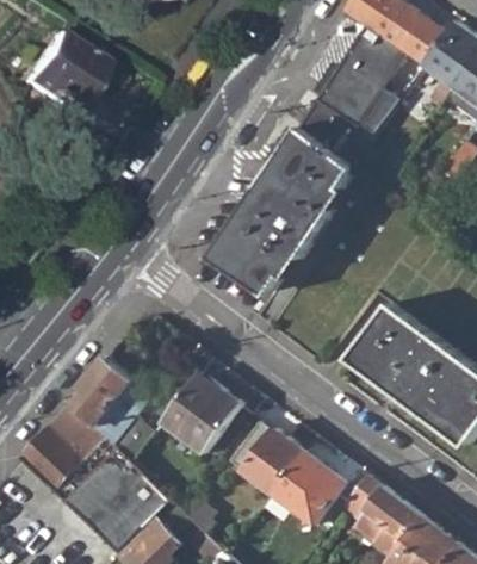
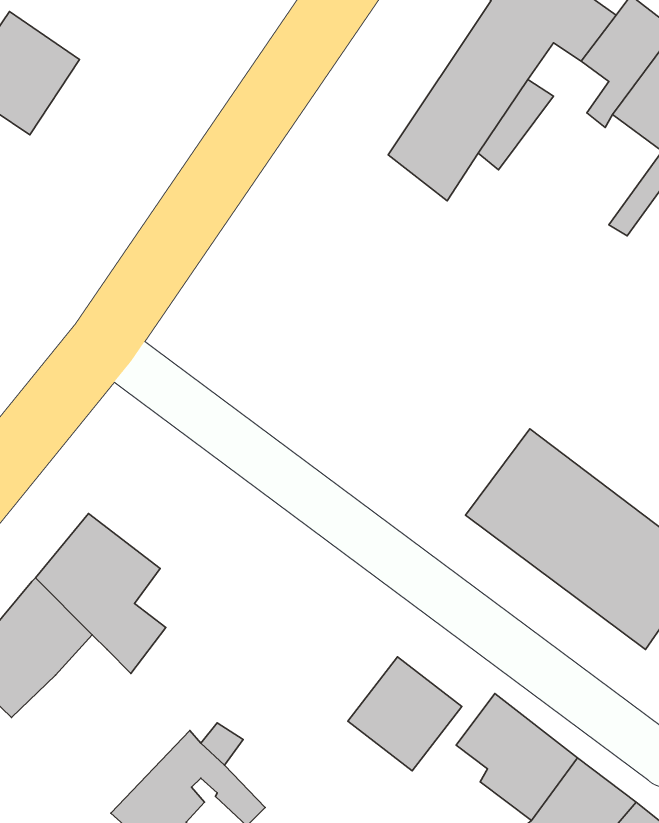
building: [215,125,355,292] -> none
building: [162,372,241,453] -> none
building: [230,422,305,492] -> none
building: [66,446,171,552] -> none

